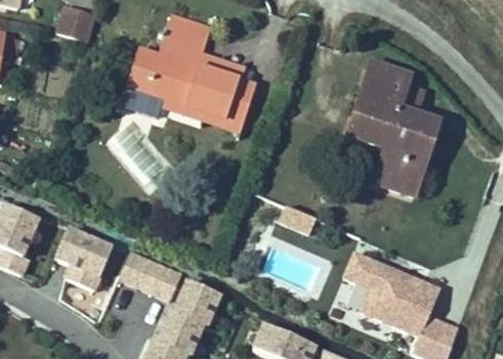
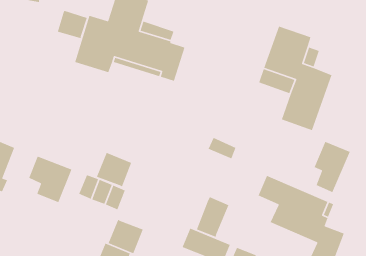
building: none -> [57,10,88,39]
building: none -> [313,141,351,193]
building: [173,279,219,324] -> [96,152,132,188]
building: none -> [196,196,229,238]

